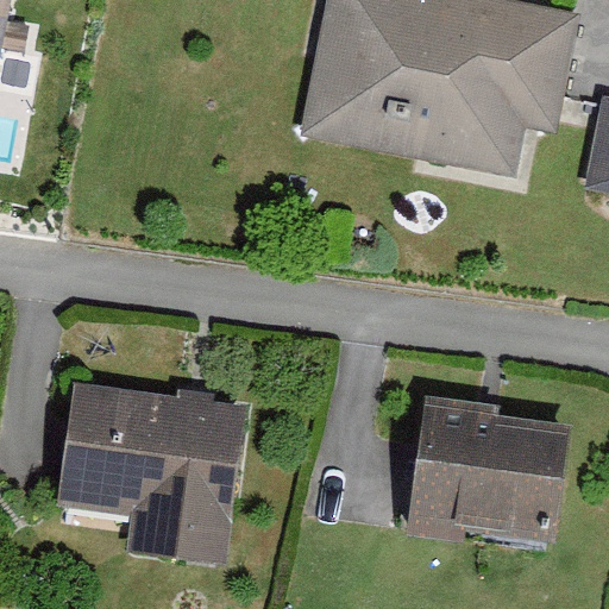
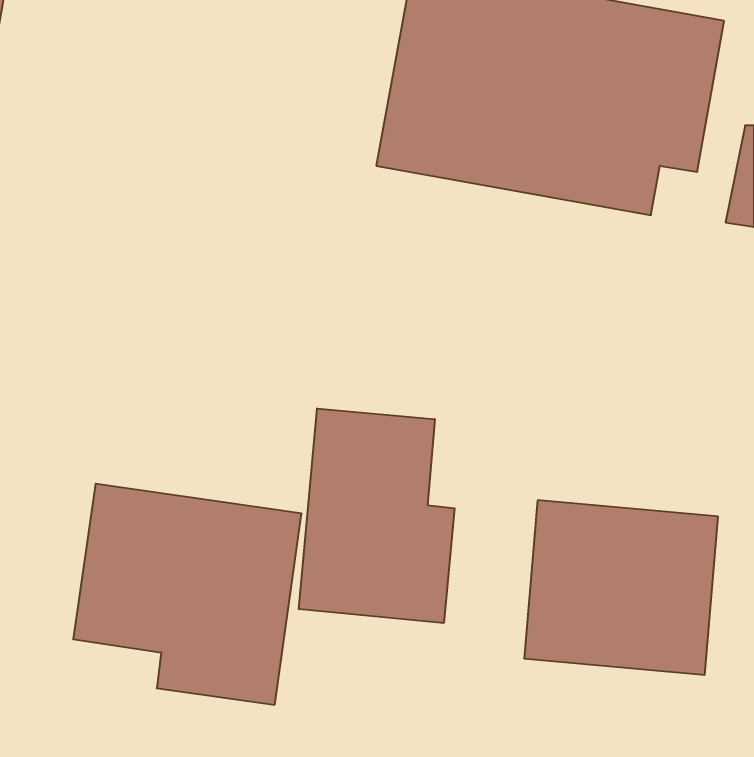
building: none -> [299,408,455,623]

